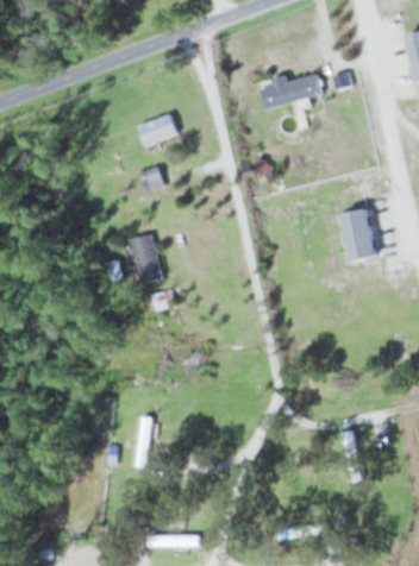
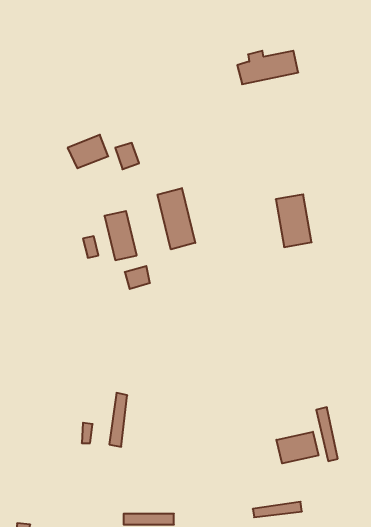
building: [137,113,177,146] -> [68,135,108,168]
building: [339,210,375,263] -> [276,194,312,247]
building: none -> [158,188,195,249]
building: none -> [276,432,318,463]

